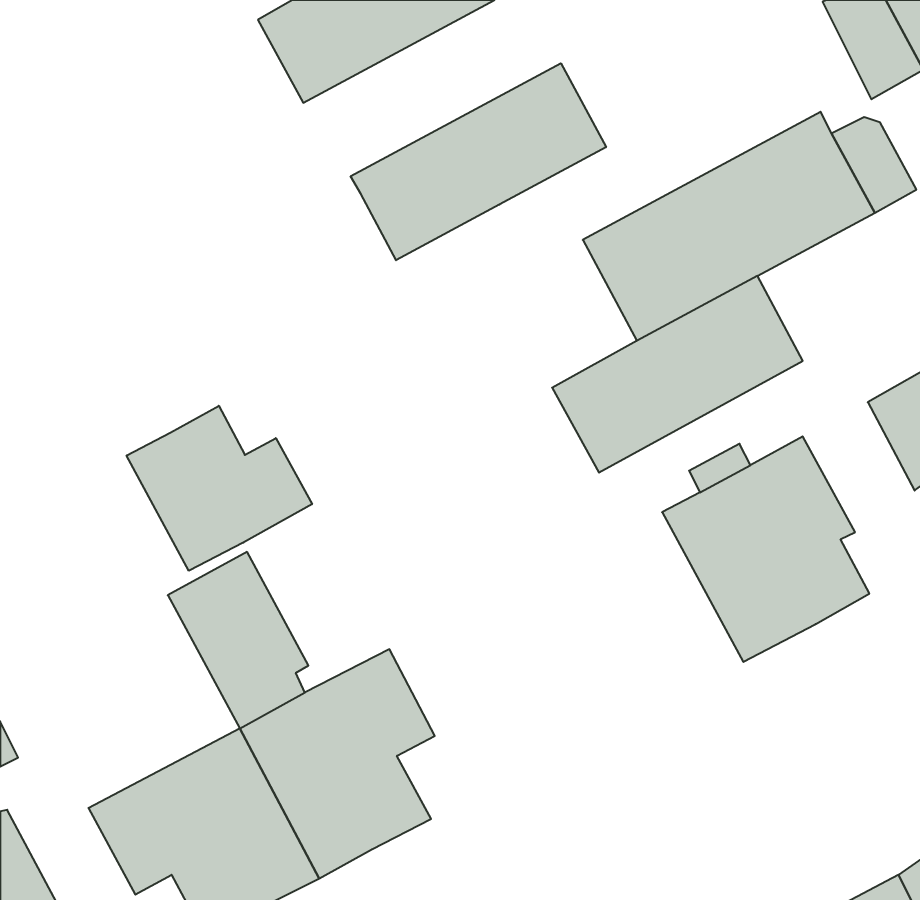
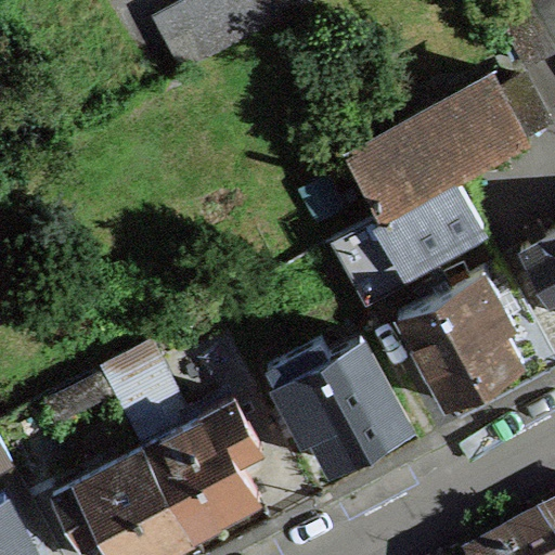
building: [351,63,606,260] -> none
building: [127,406,312,571] -> none
building: none -> [268,340,410,472]

